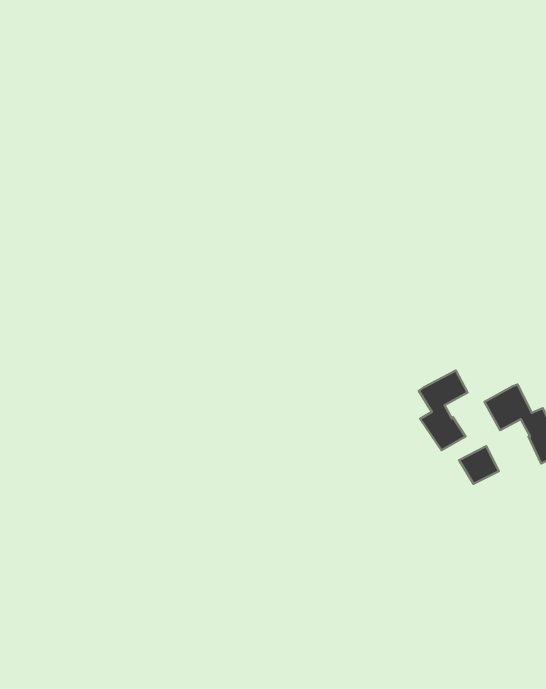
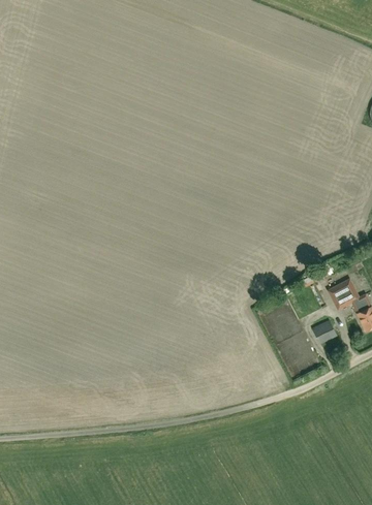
building: [419,370,468,450] -> none

